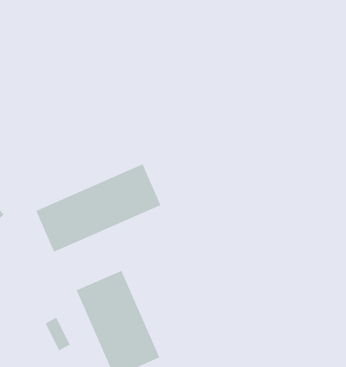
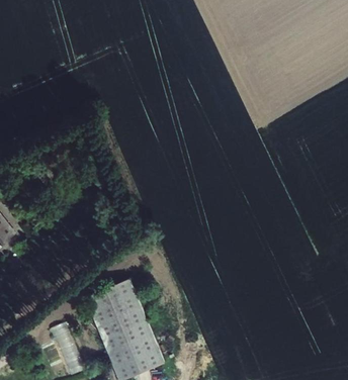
building: [36,164,161,252] -> none

